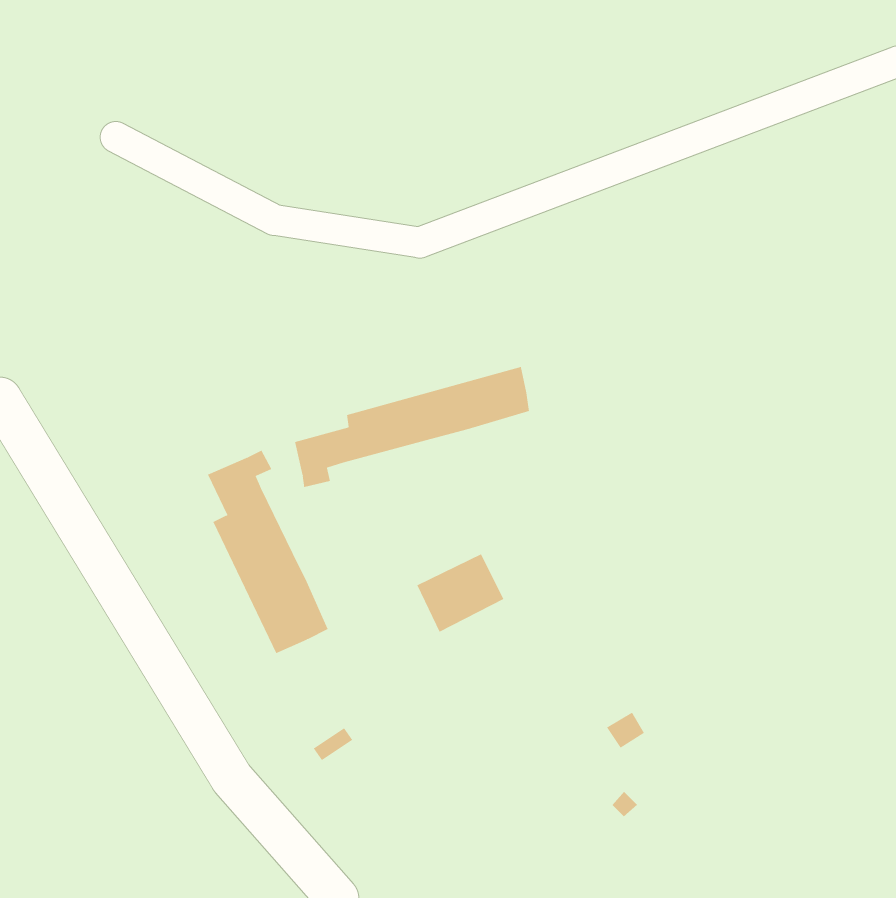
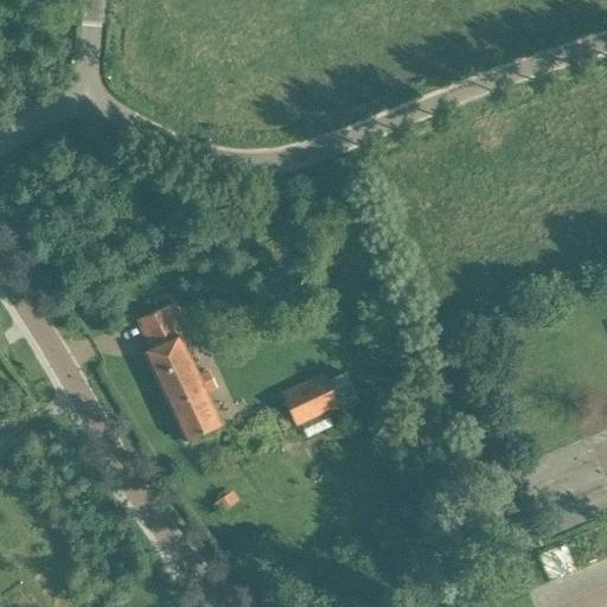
building: [294,366,530,488] -> none

